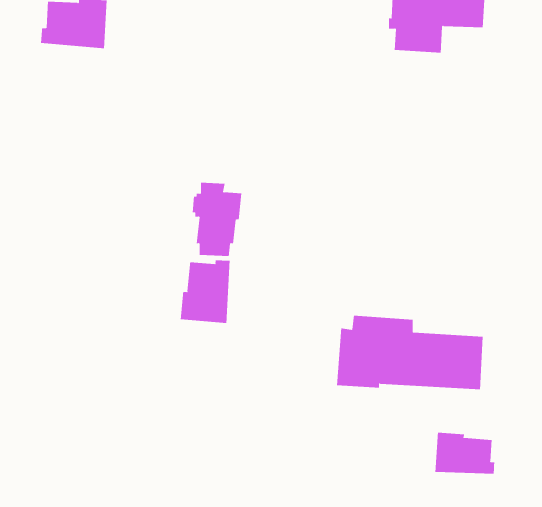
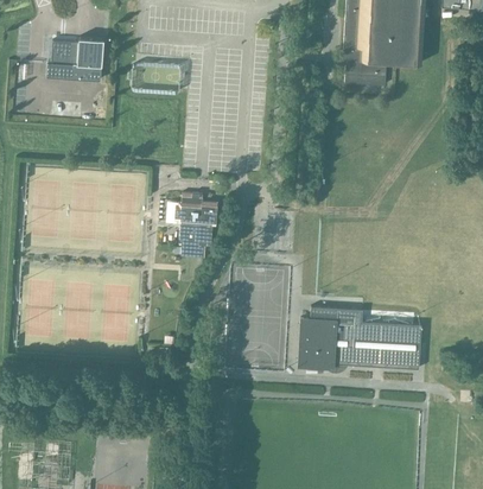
building: [180,259,230,324] -> none
building: [435,432,495,475] -> none

